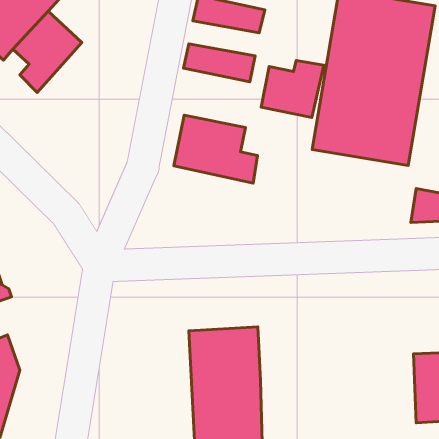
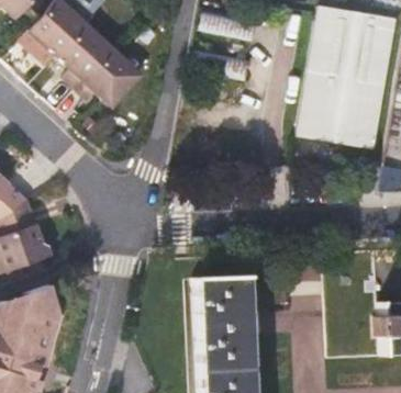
building: none -> [73,48,137,106]
building: [261,60,324,118] -> none
building: [174,115,258,183] -> none

